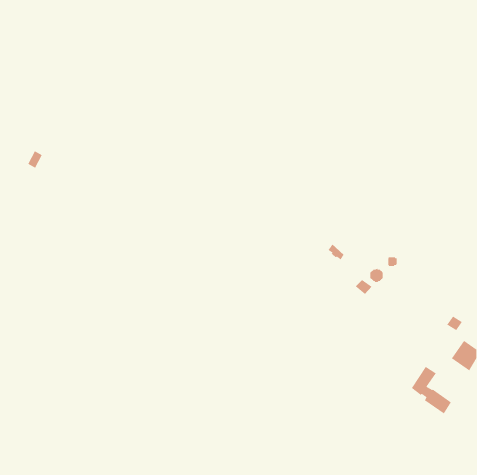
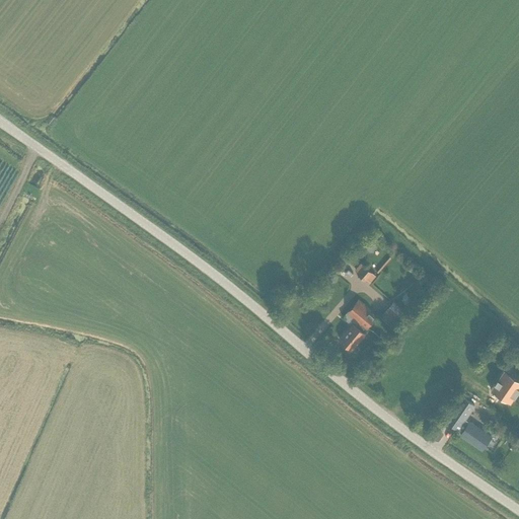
building: none -> [340,303,376,352]

